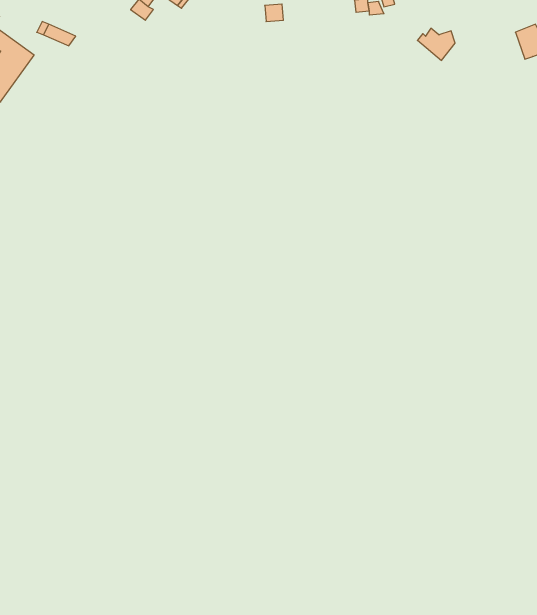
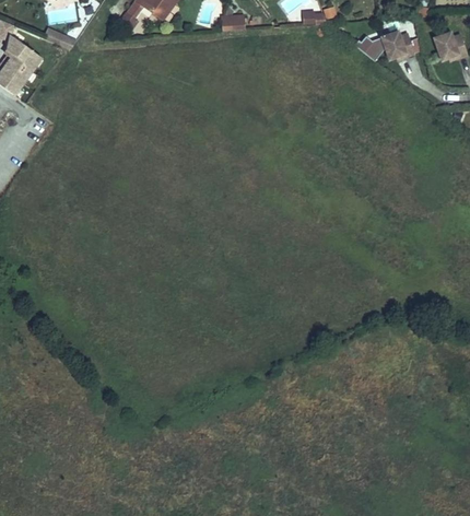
building: none -> [381,31,415,59]

